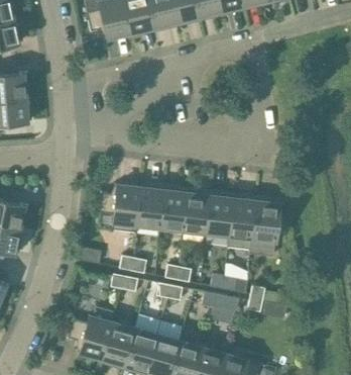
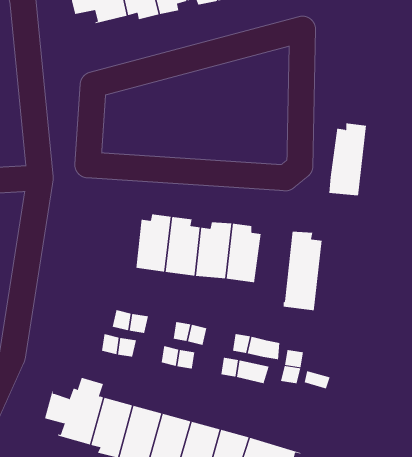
building: [99,183,141,231] -> none
building: [227,193,256,249] -> [328,123,367,196]

